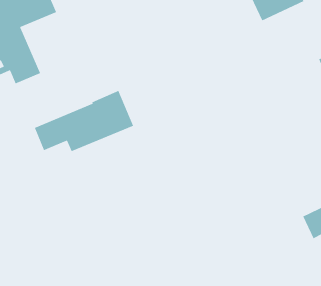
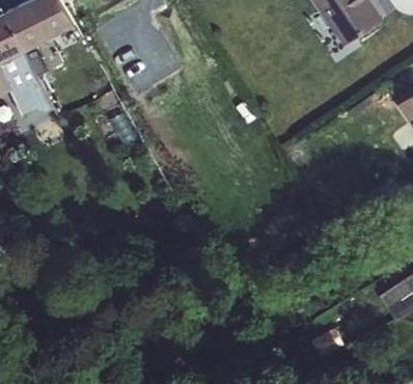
building: [34,90,134,152] -> none

